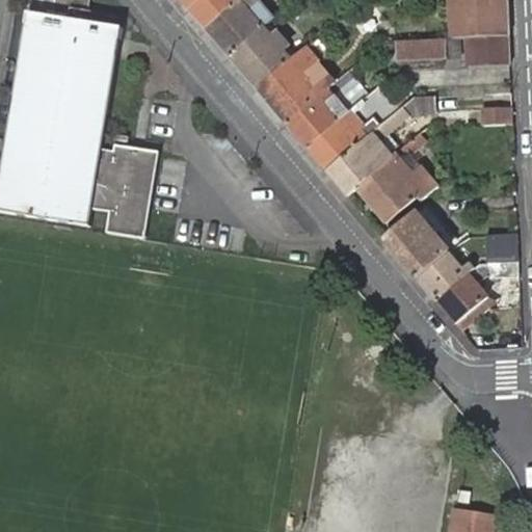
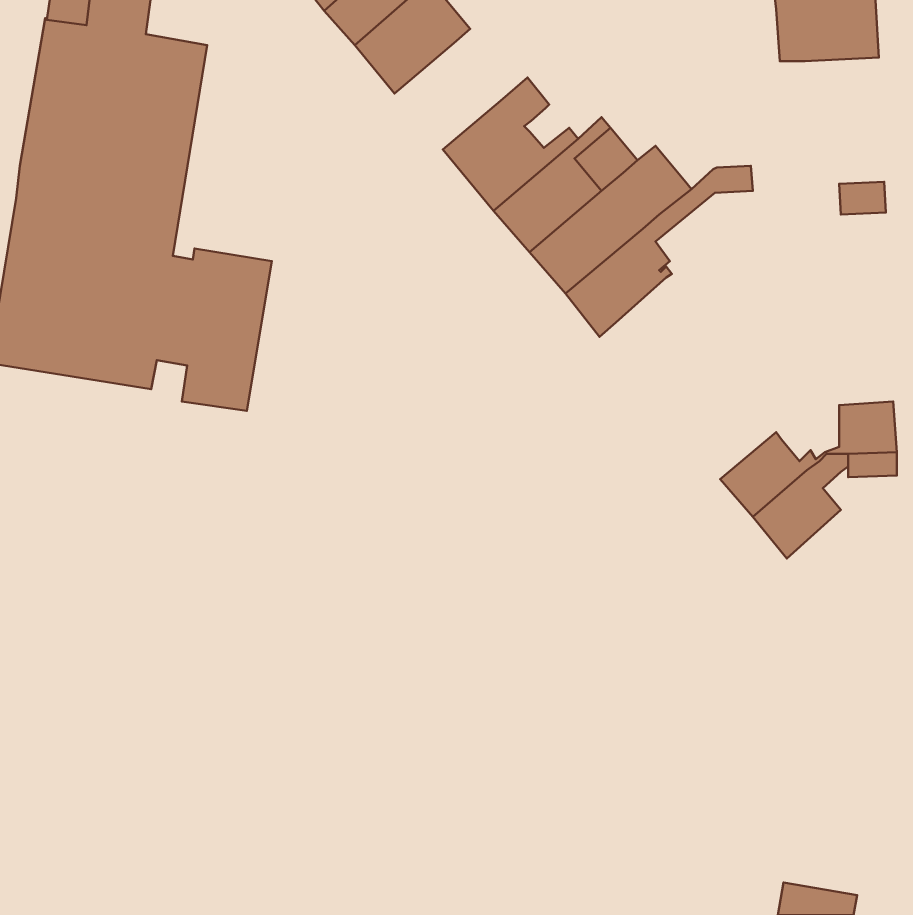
building: [228,25,295,86] -> none
building: [464,33,508,64] -> none
building: [389,36,442,59] -> none
building: [355,135,436,221] -> none
building: [382,210,448,276] -> none

